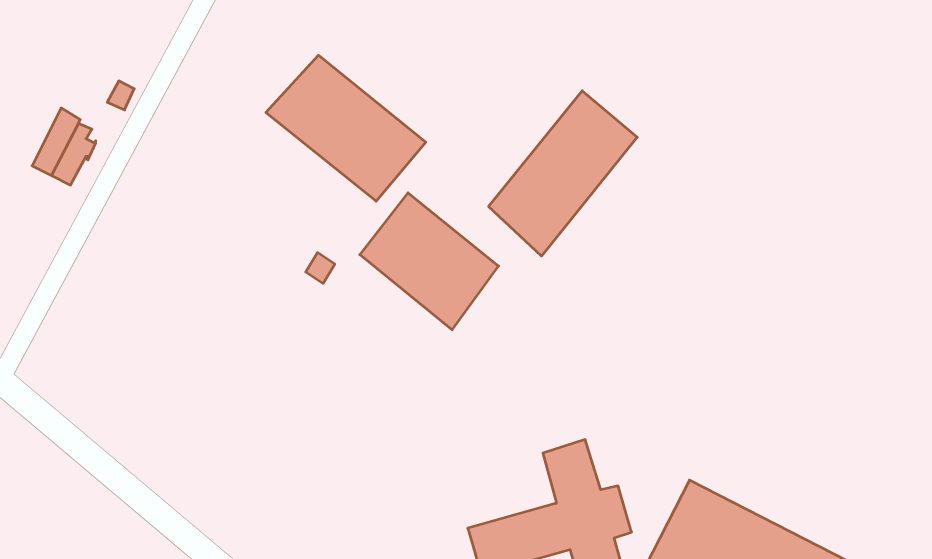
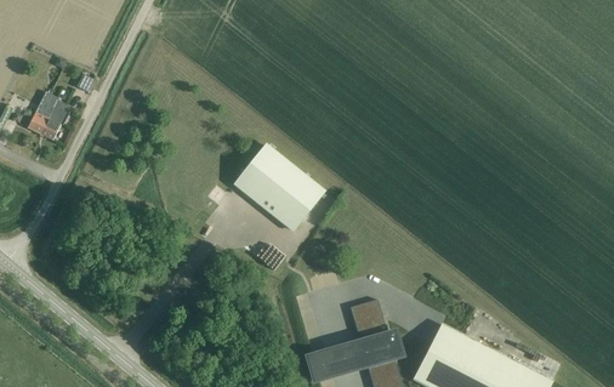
building: [266,55,426,201] -> none
building: [489,91,637,256] -> none

